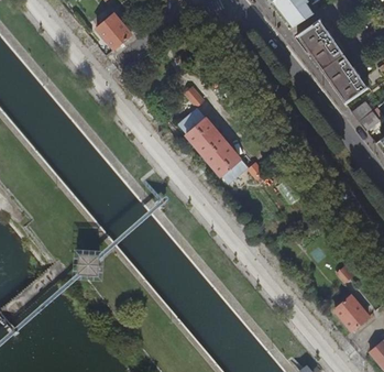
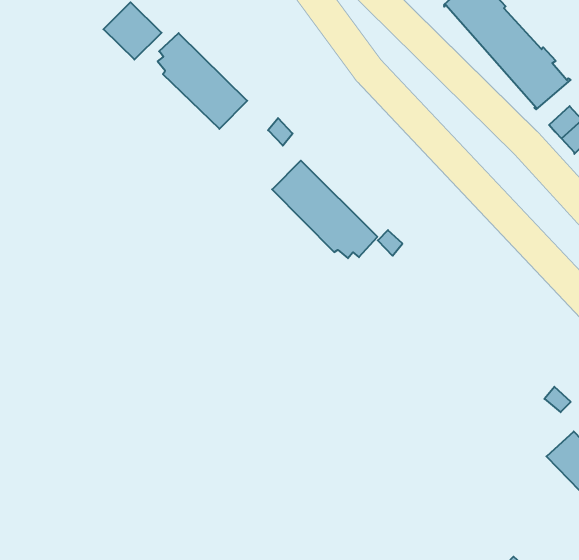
building: none -> [158,33,247,129]

